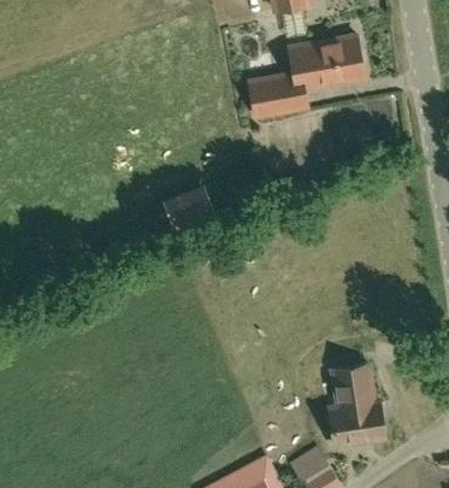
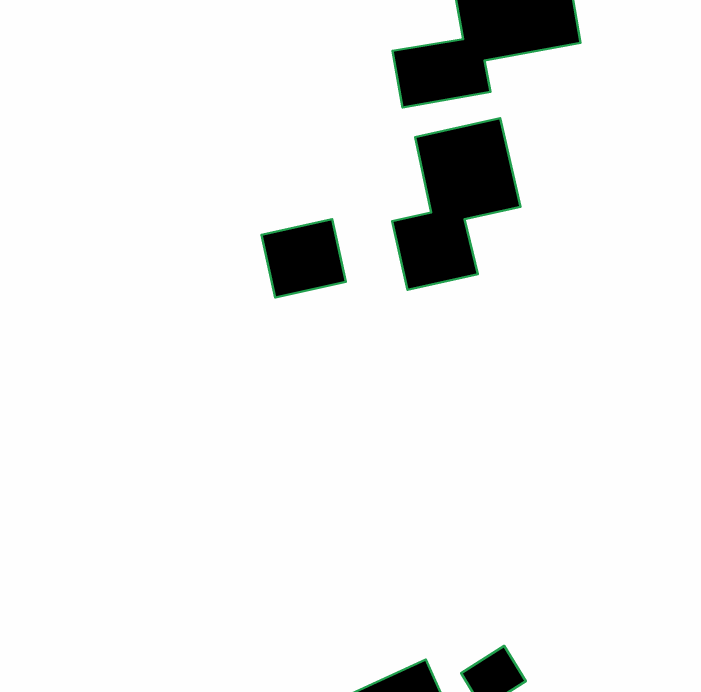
building: none -> [392,118,520,290]
building: [329,364,384,446] -> none

